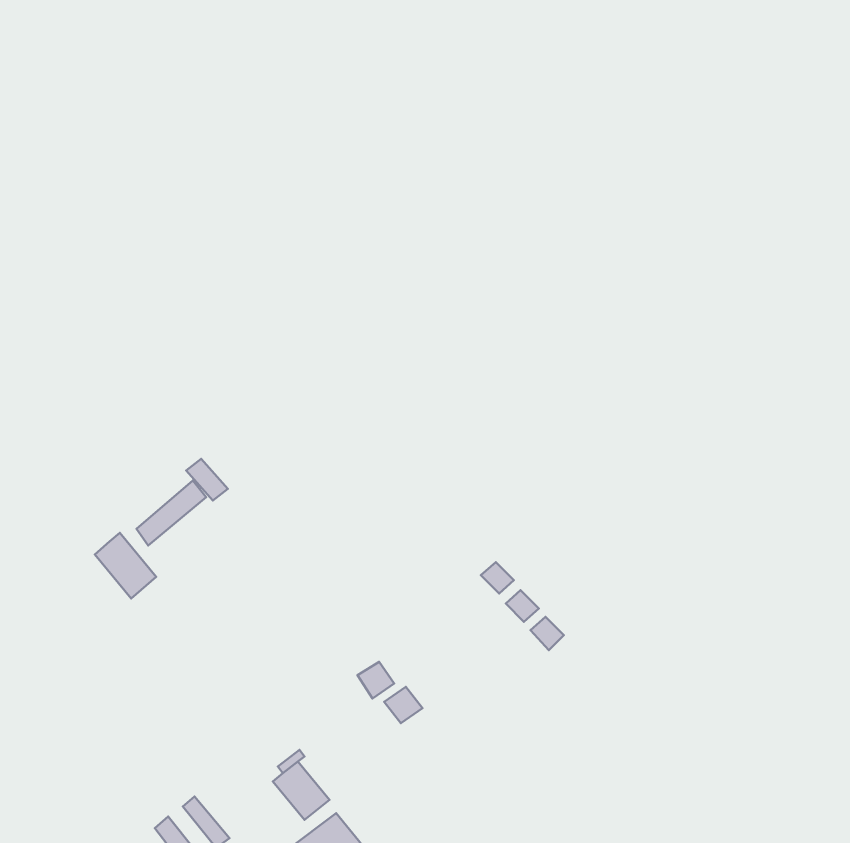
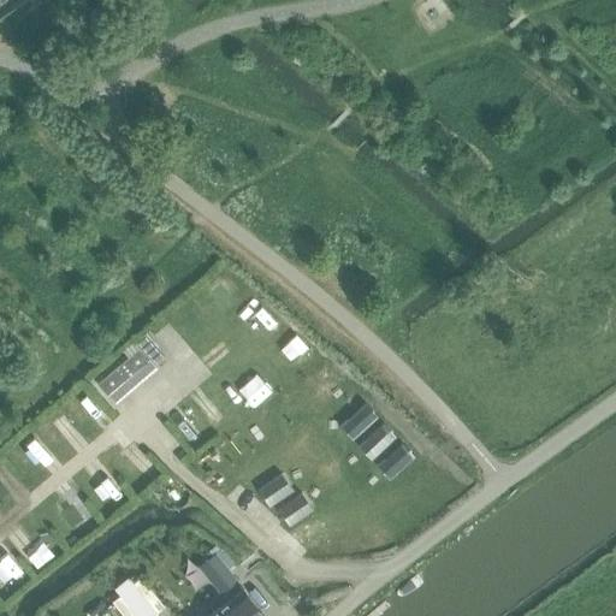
building: [95,533,156,598] -> none

